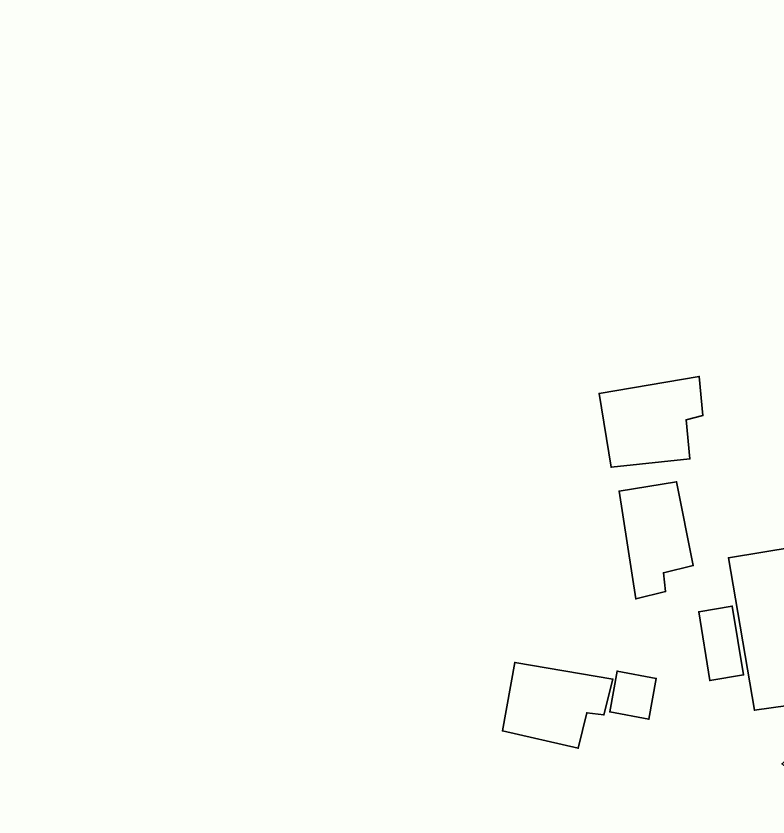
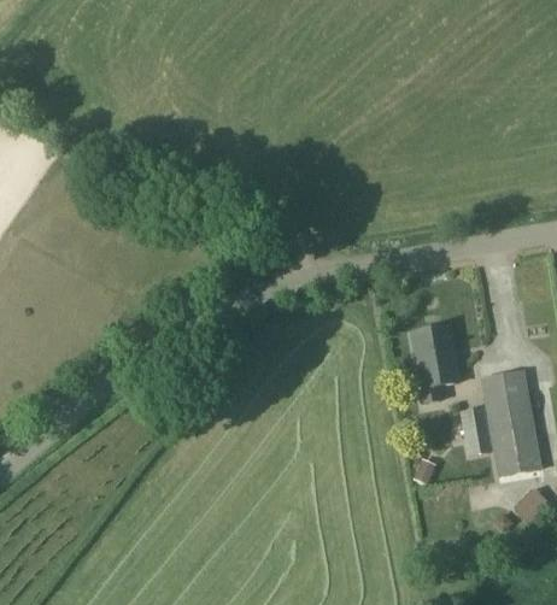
building: [599,376,703,467] -> none
building: [503,662,613,748] -> none

